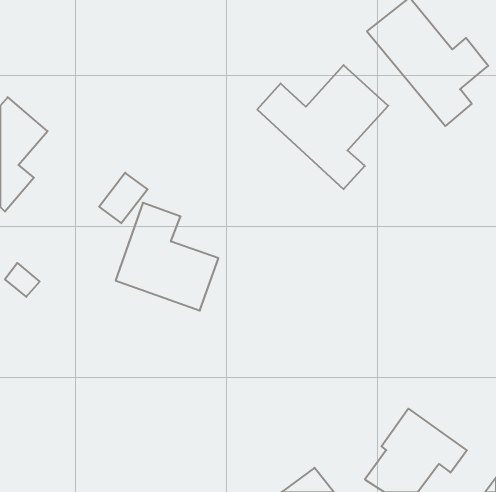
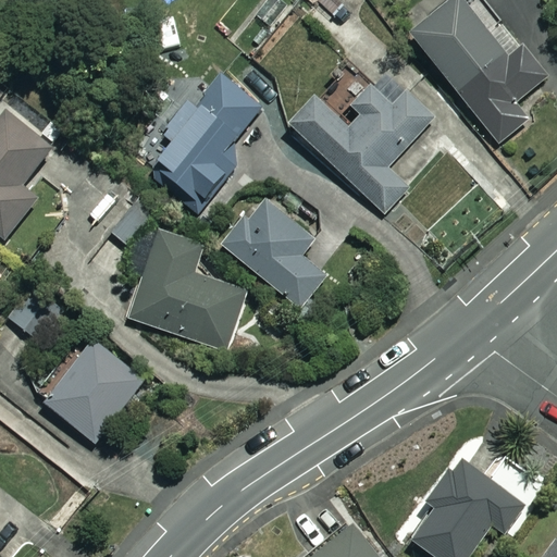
building: none -> [157,74,261,205]
building: none -> [226,198,332,307]
building: none -> [45,339,144,441]

